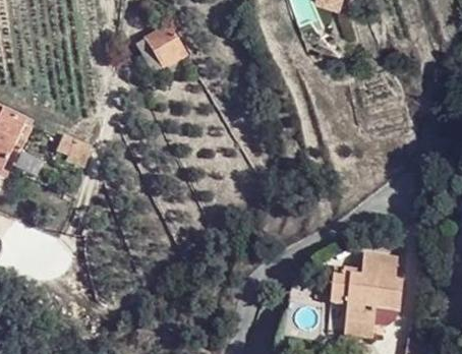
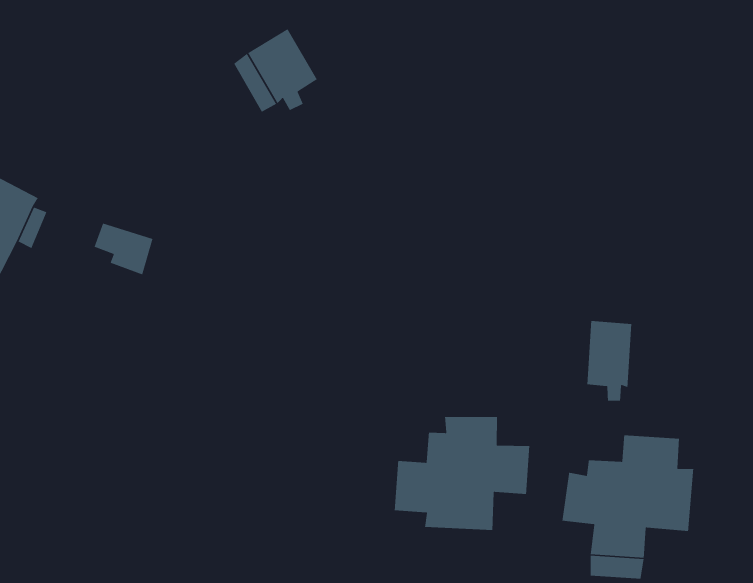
building: none -> [586,320,632,402]
building: none -> [394,416,530,531]

